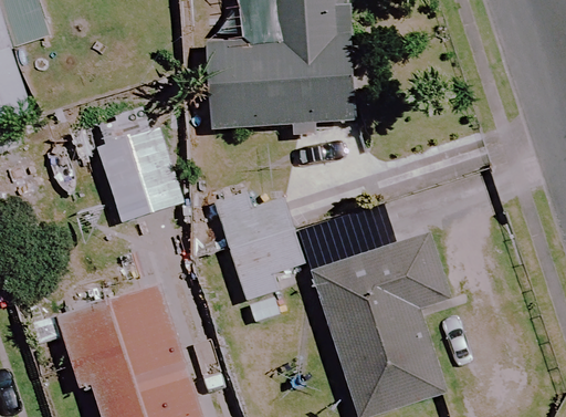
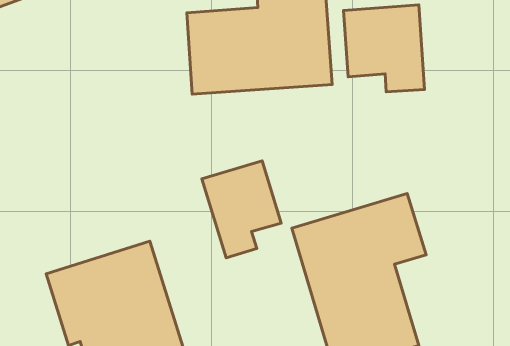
building: none -> [344,5,425,92]
building: [103,131,174,223] -> none

